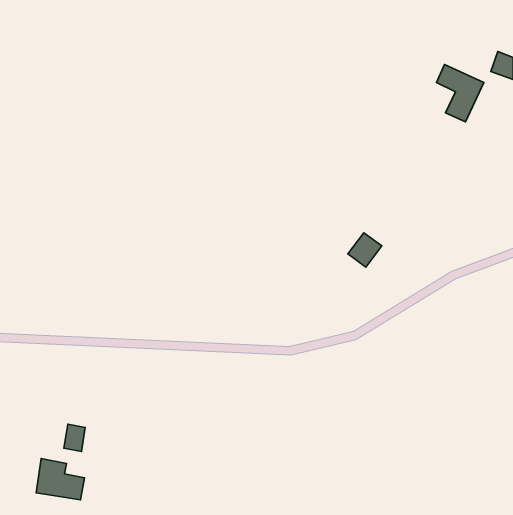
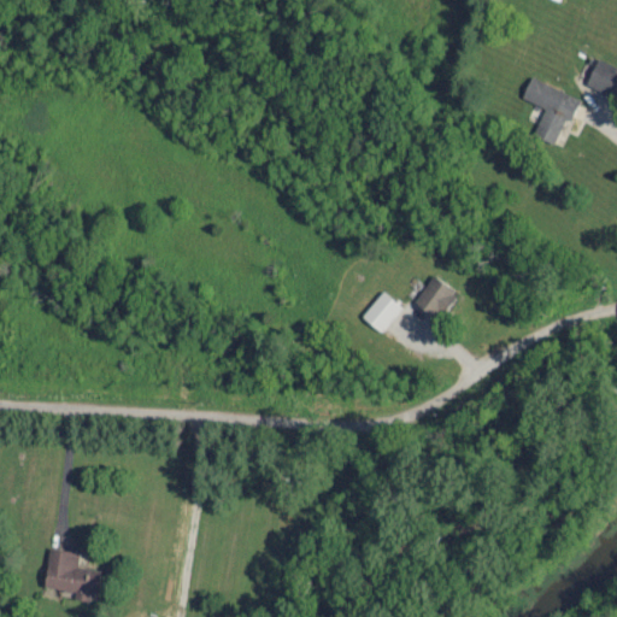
building: none -> [362,292,402,334]
building: [64,424,85,452] -> none

